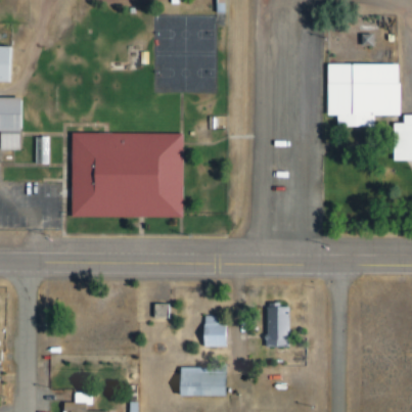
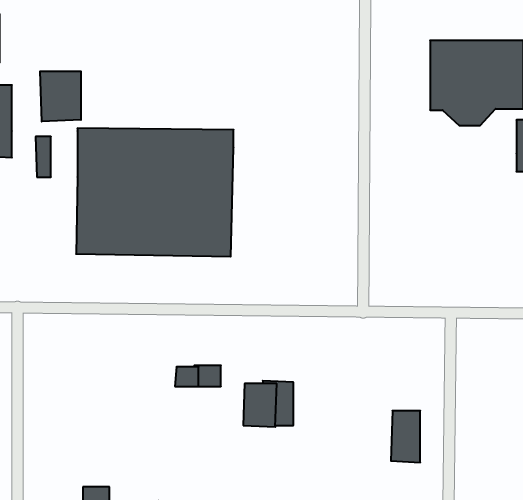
building: none -> [40,71,81,122]
building: [266,309,287,347] -> [391,411,420,462]
building: [181,368,227,396] -> none

